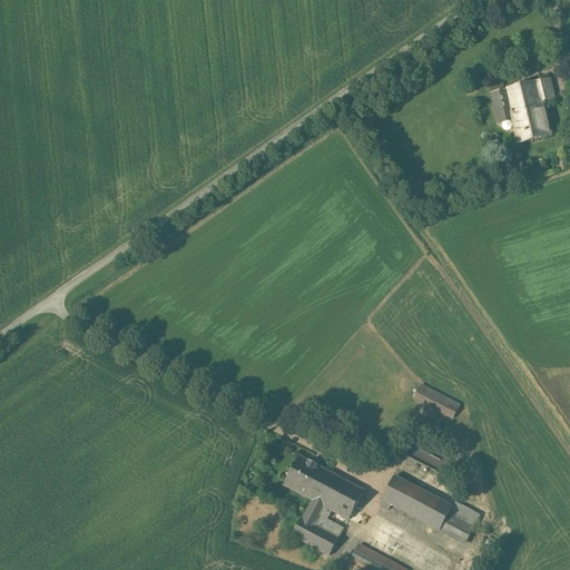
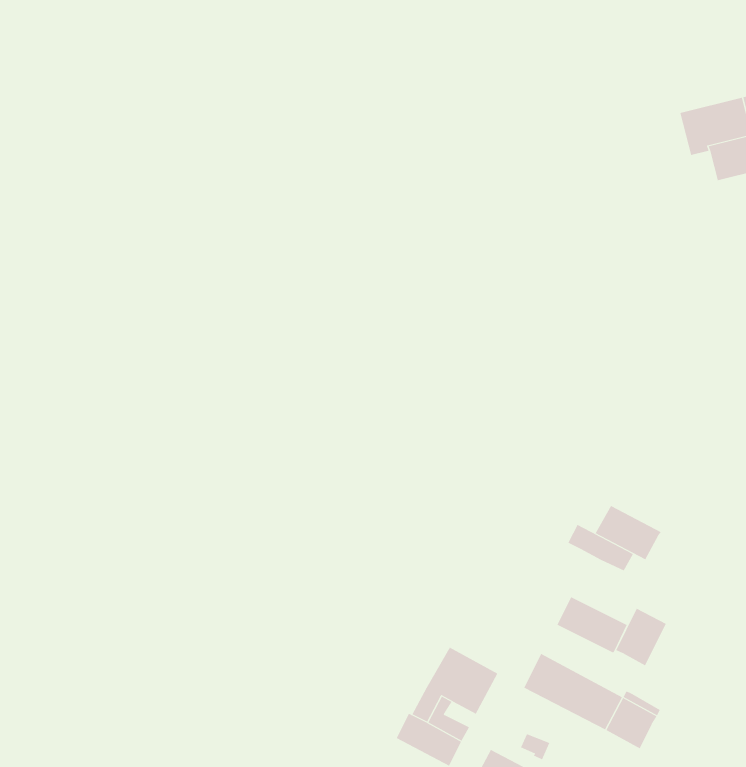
building: none -> [595,505,661,560]
building: none -> [615,608,666,666]
building: [284,454,330,499] -> none

